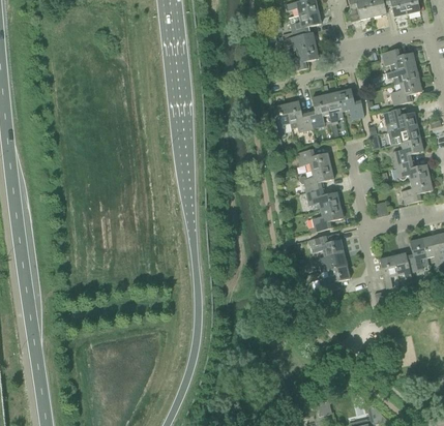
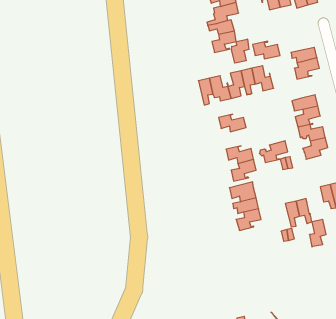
building: [382,48,416,69] -> [253,41,280,59]
building: none -> [232,39,249,63]
building: [383,108,417,130] -> none
building: [299,164,334,191] -> [259,141,288,163]
building: [407,238,427,272] -> [309,219,326,247]

